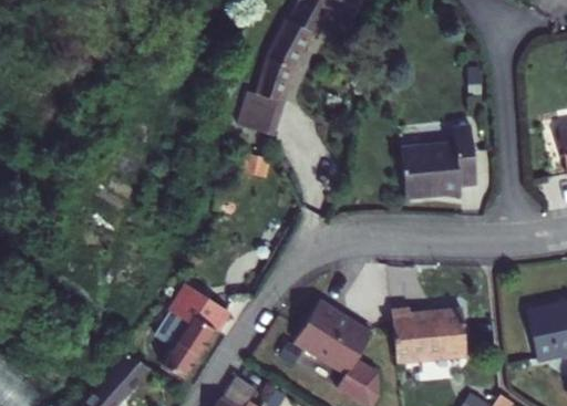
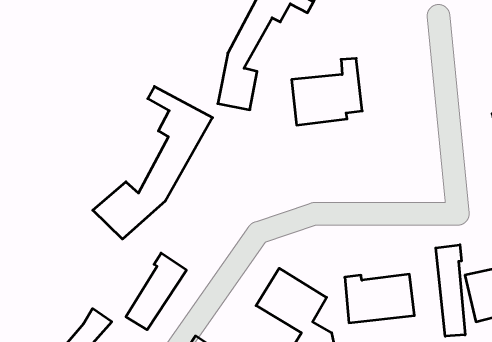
building: none -> [93,86,213,239]
building: [398,127,475,200] -> [292,58,362,125]
building: none -> [436,245,465,336]

